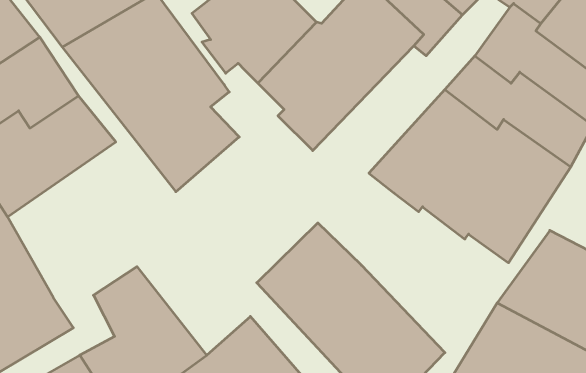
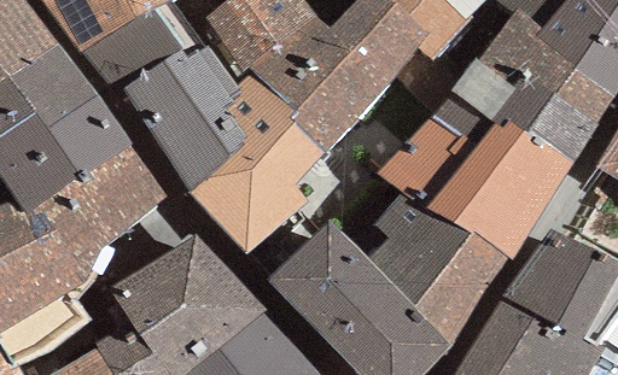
building: none -> [190,72,322,256]
building: none -> [27,142,163,293]
building: none -> [369,192,512,346]
building: none -> [152,234,266,348]

